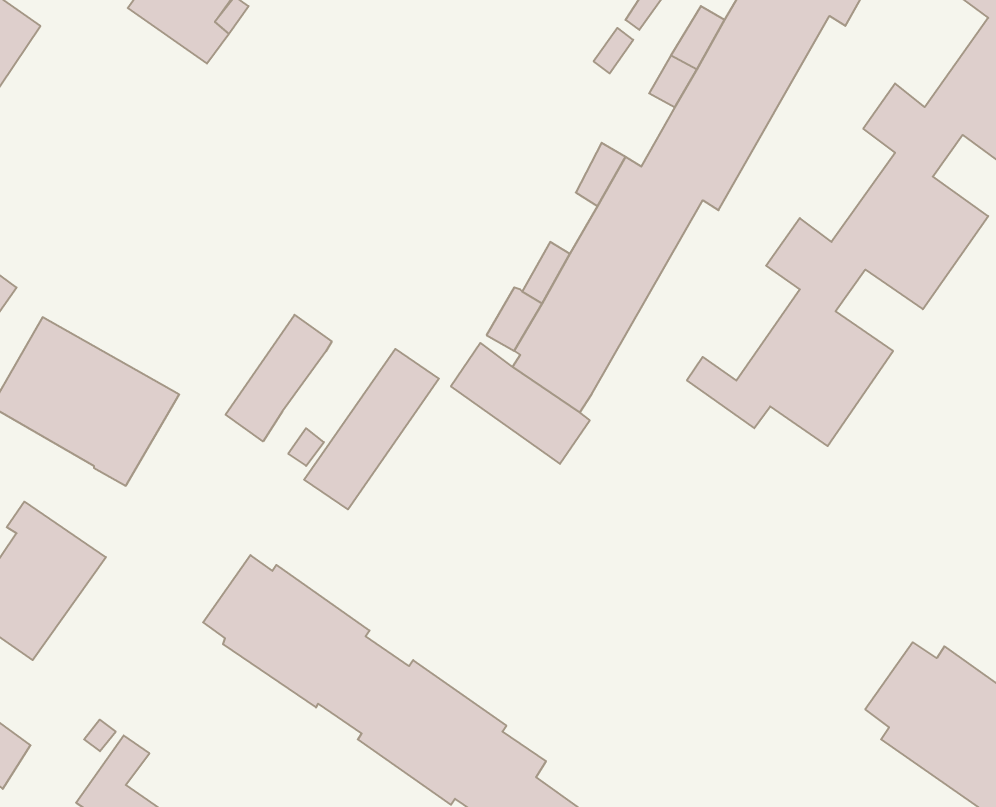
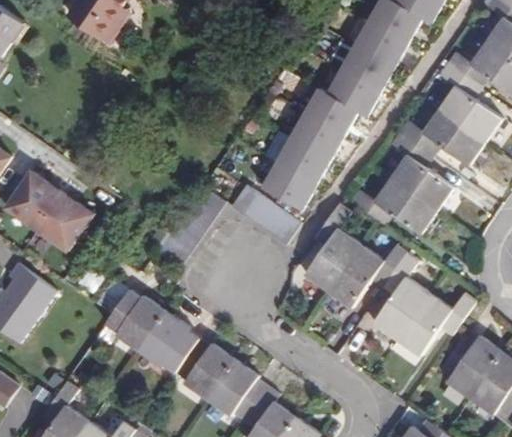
building: [226,315,332,441] -> none
building: none -> [306,204,477,356]

